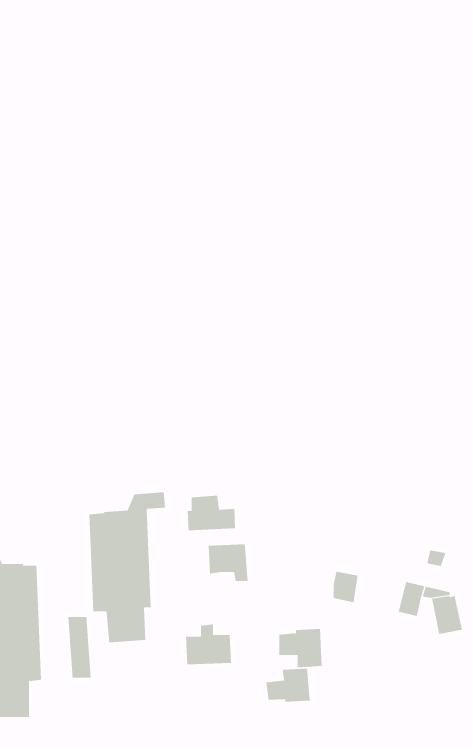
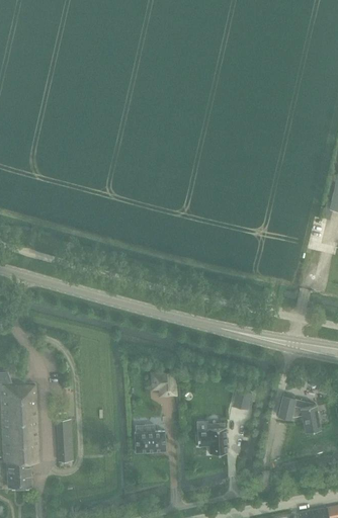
building: [89,492,166,643] -> none
building: [187,495,236,531] -> none
building: [266,668,310,703] -> none

